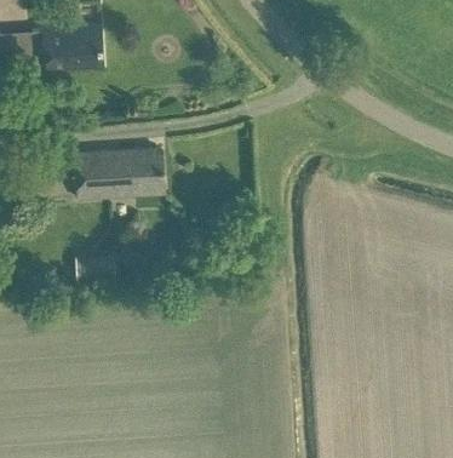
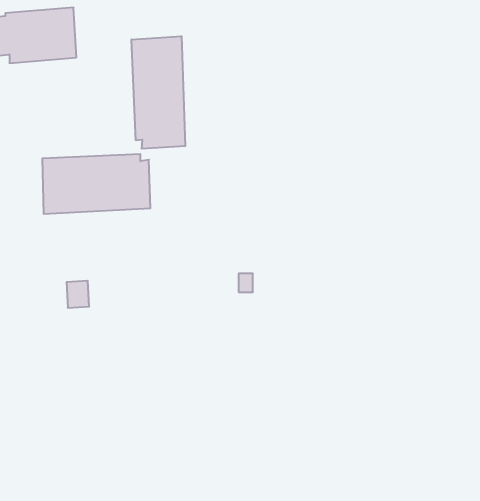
building: none -> [132,36,185,149]

